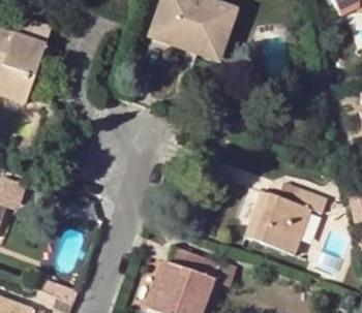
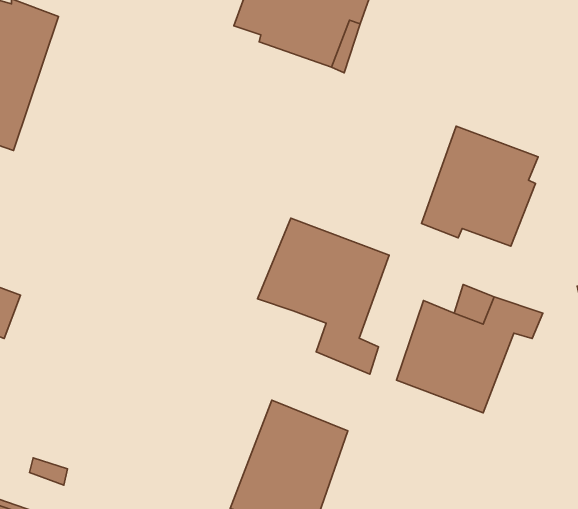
building: none -> [421,126,538,246]
building: none -> [258,218,389,374]

